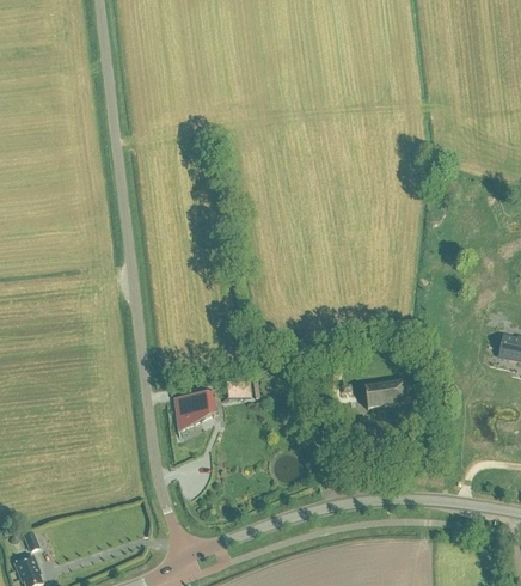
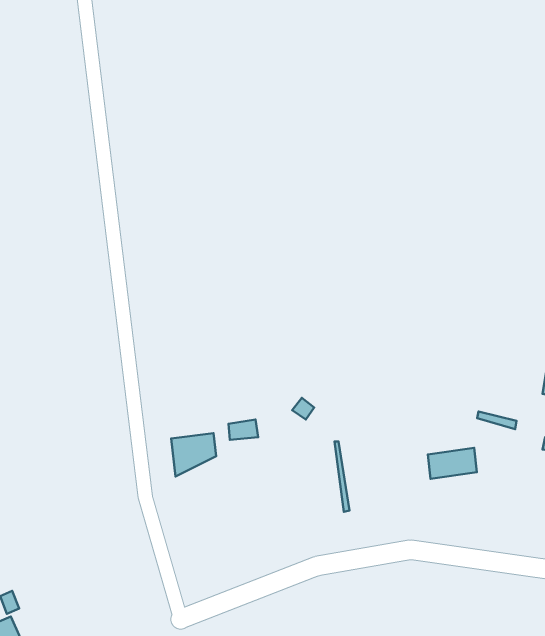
building: [364,379,407,407] -> [428,448,477,479]

